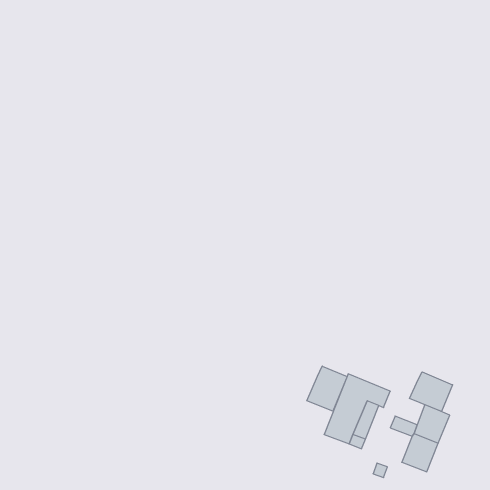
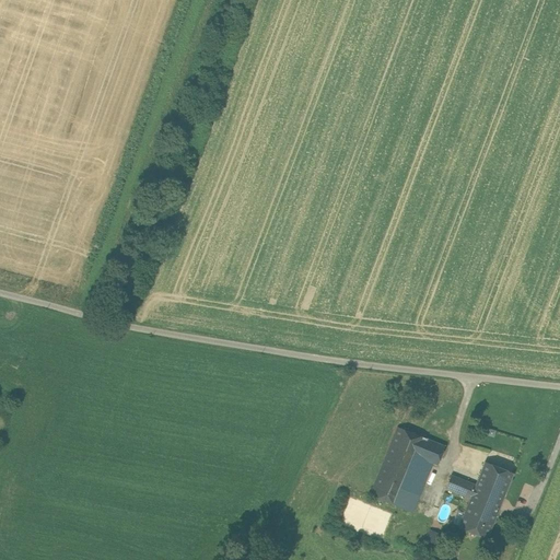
building: [307,366,347,411] -> none
building: [409,372,453,411] -> none

